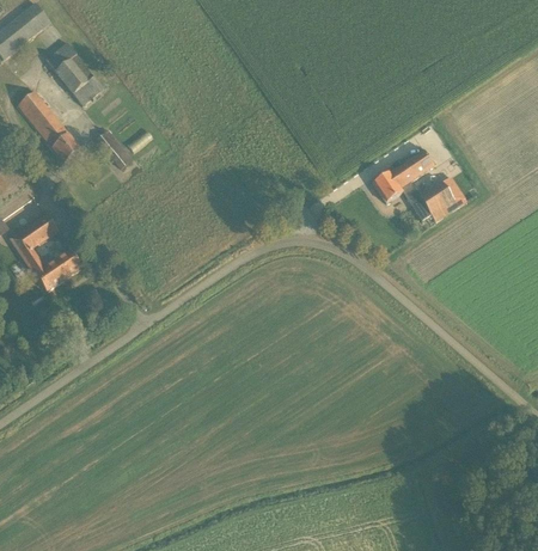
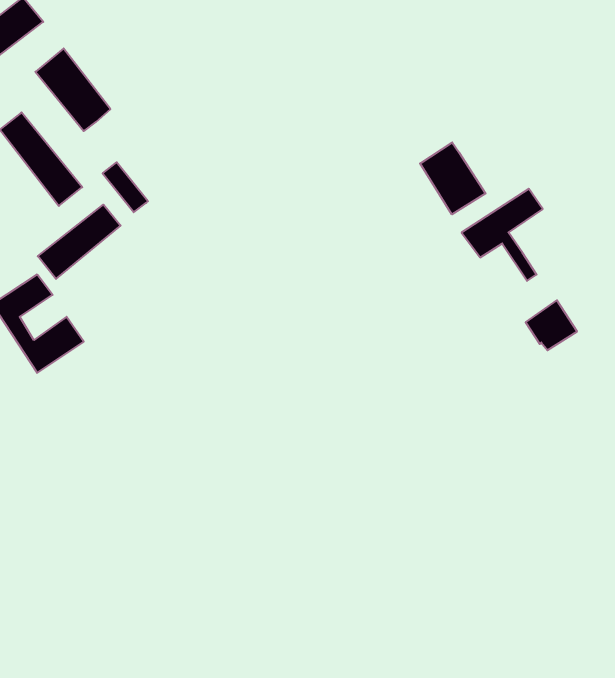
building: none -> [420,142,486,214]
building: none -> [38,205,121,279]
building: [418,182,458,220] -> [526,300,577,350]

